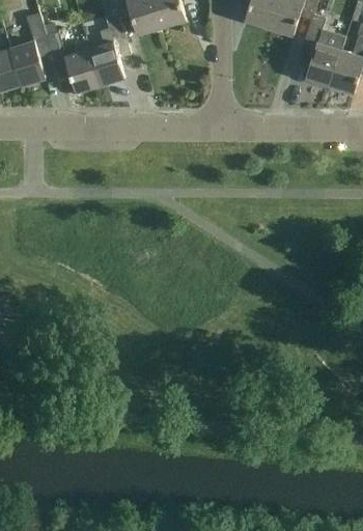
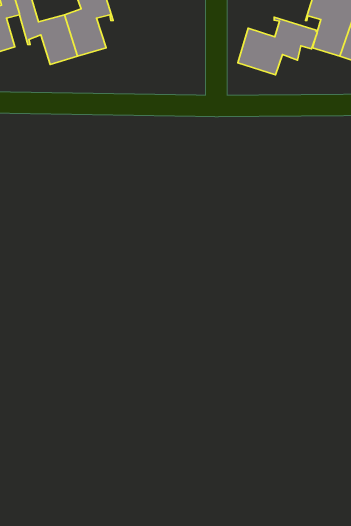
building: none -> [238,17,317,75]

